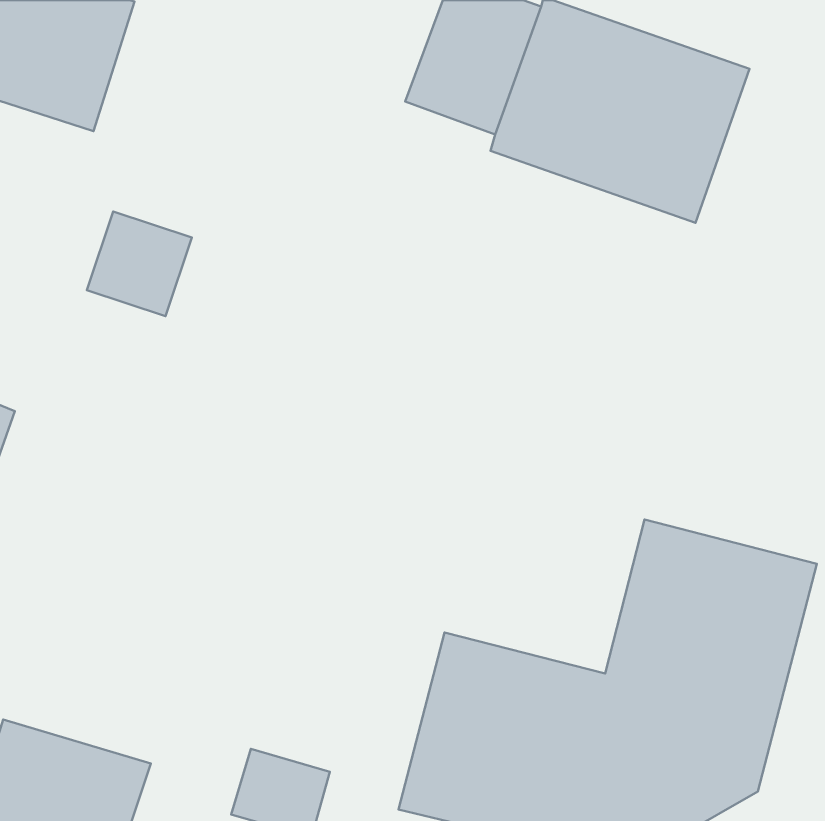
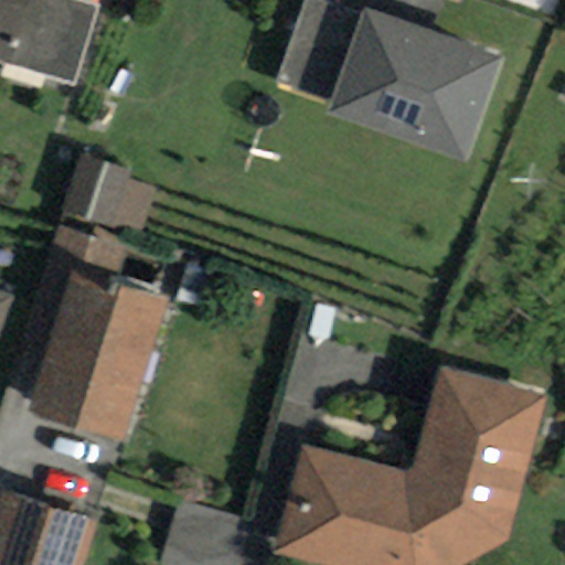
building: none -> [31,267,173,441]

